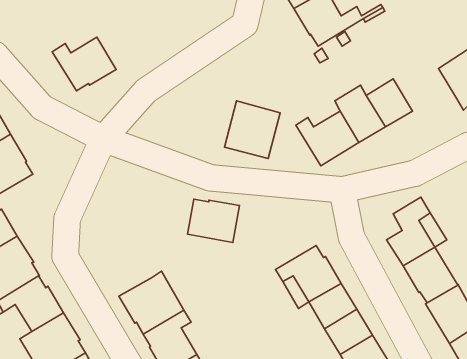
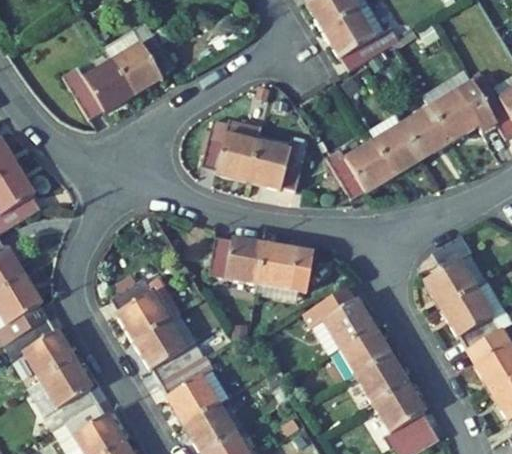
building: none -> [110,35,173,95]
building: none -> [430,81,498,140]
building: none -> [200,119,261,179]
building: none -> [257,242,313,291]
building: none -> [110,277,169,340]

